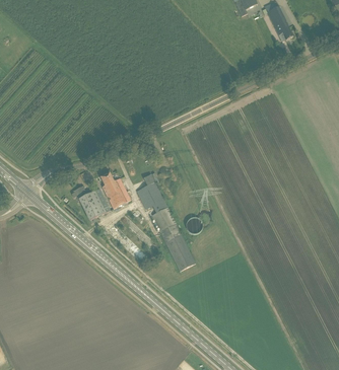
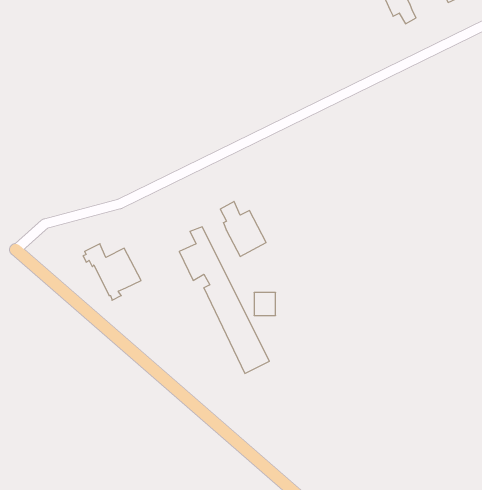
building: [99,172,130,209] -> [220,201,266,256]

